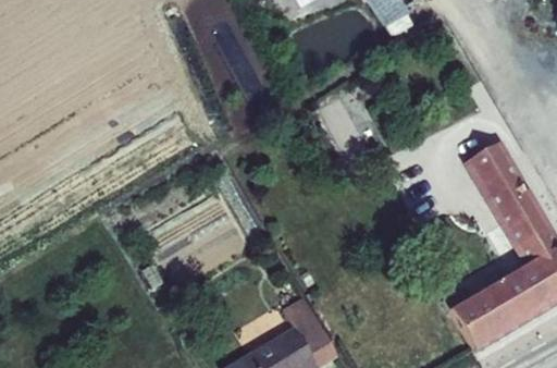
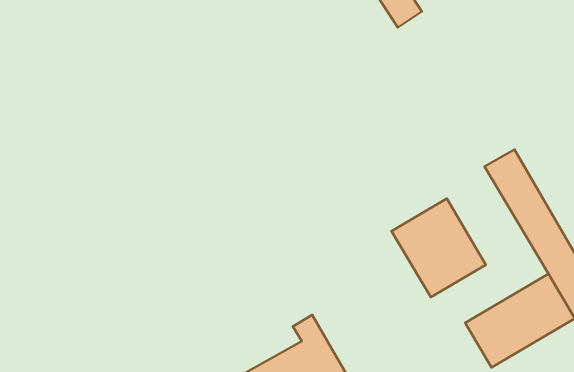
building: none -> [392,199,486,297]

